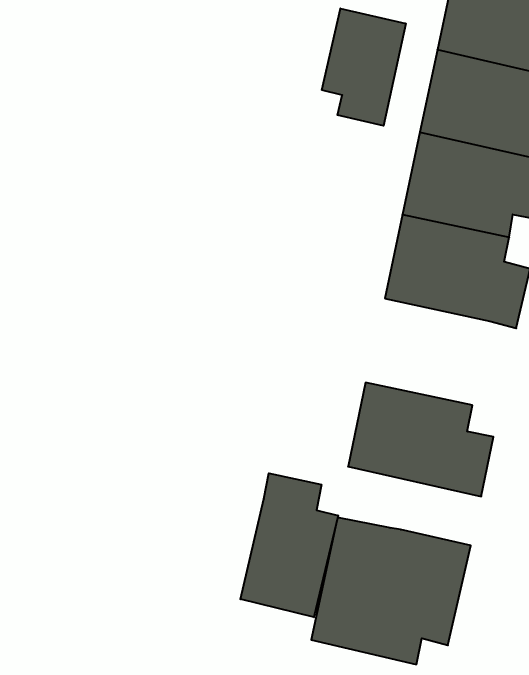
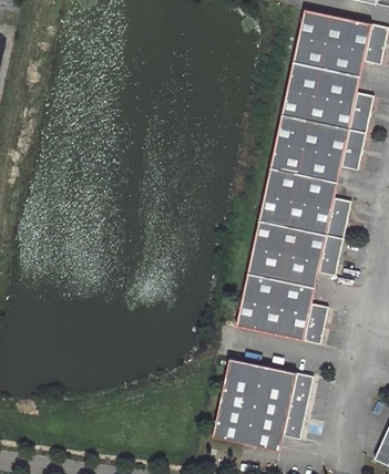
building: [322,8,406,126] -> none
building: none -> [247,220,342,288]
building: [240,473,338,617] -> none

